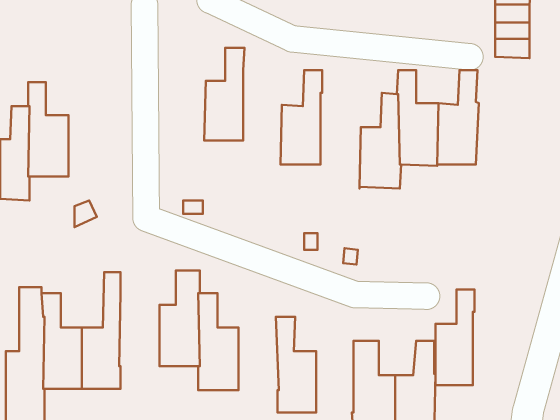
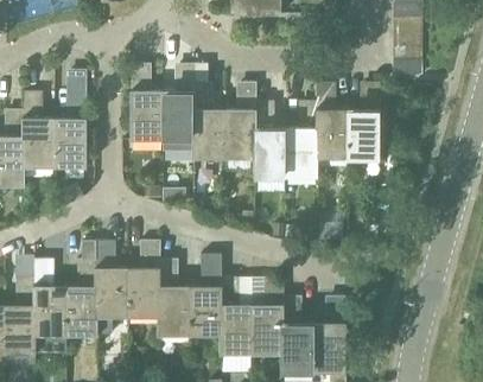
building: none -> [128,65,164,139]
building: none -> [191,65,224,158]
building: none -> [55,71,87,167]
building: none -> [254,101,287,177]
building: none -> [95,243,127,318]
building: none -> [190,254,222,337]
building: [436,289,474,385] -> [252,279,282,355]

